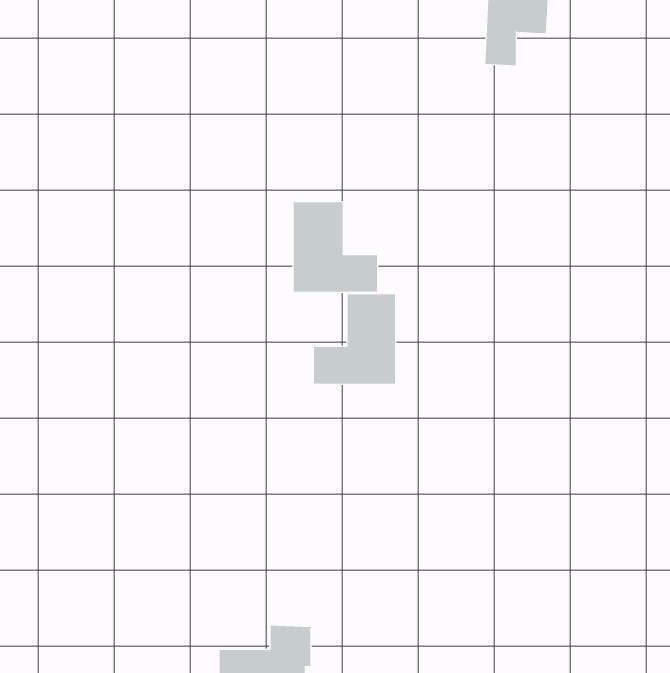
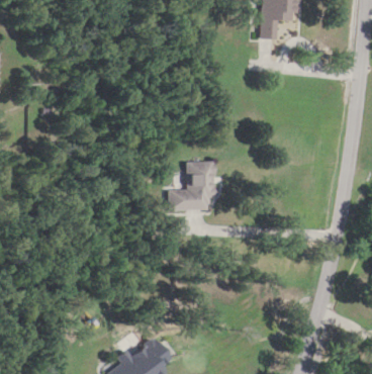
building: [293,201,378,293] -> none

